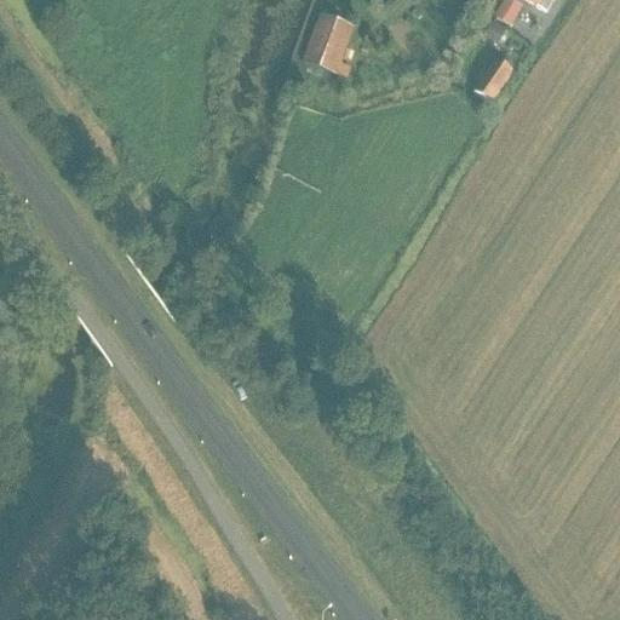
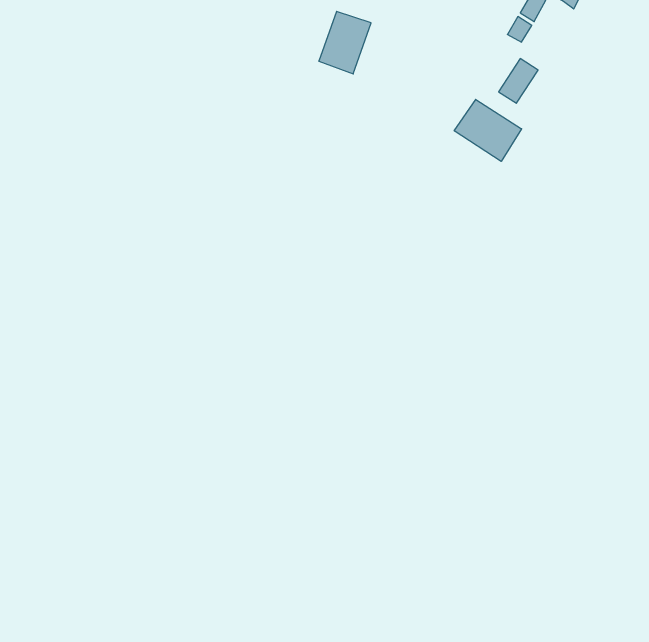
building: none -> [454,99,522,161]

